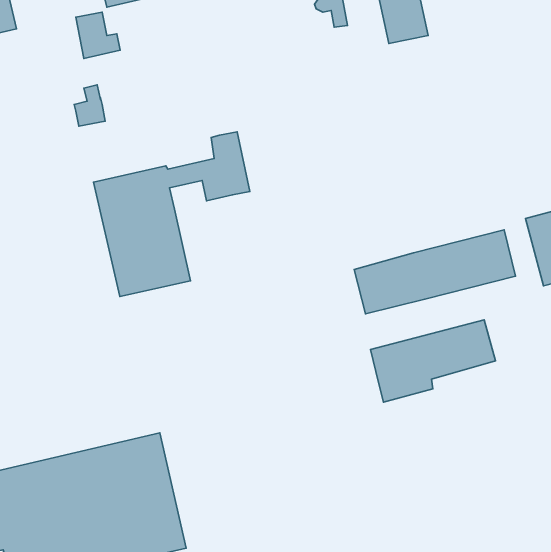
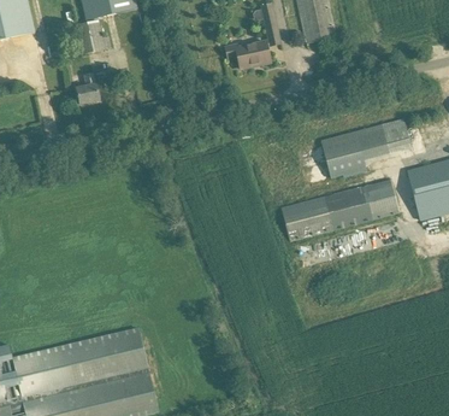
building: none -> [224,40,270,68]
building: [94,132,250,297] -> none
building: [370,320,496,402] -> [319,117,410,177]

